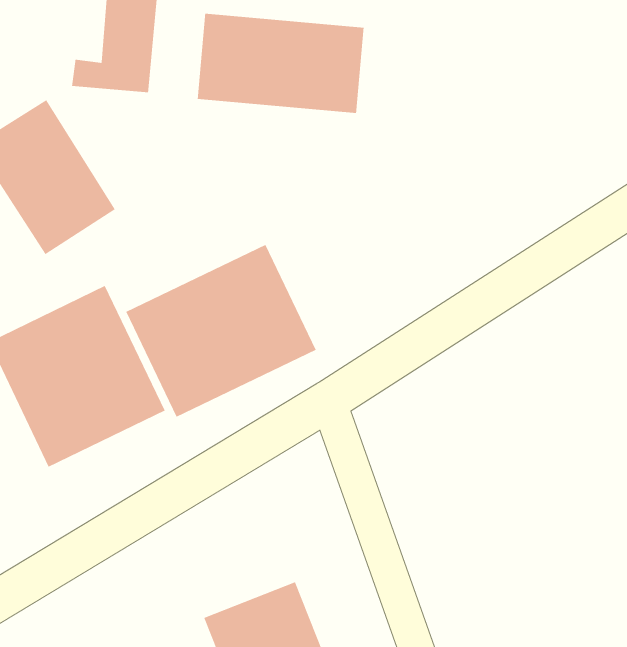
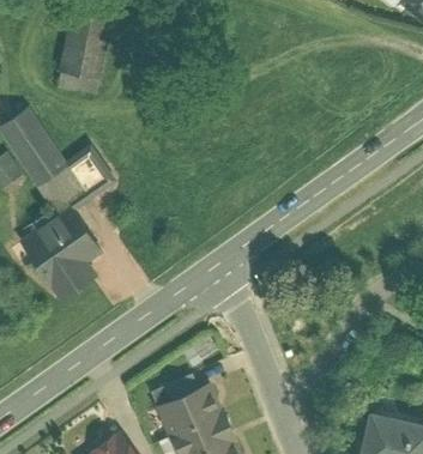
building: [197,13,364,114] -> none
building: [125,244,317,418] -> none

